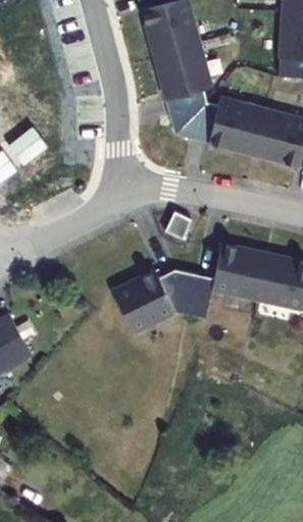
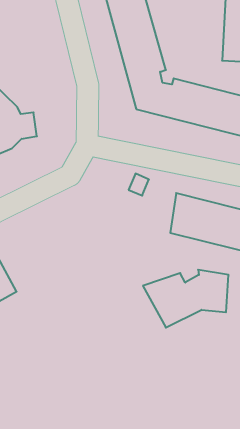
building: [111,265,214,334] -> [143,270,229,328]

